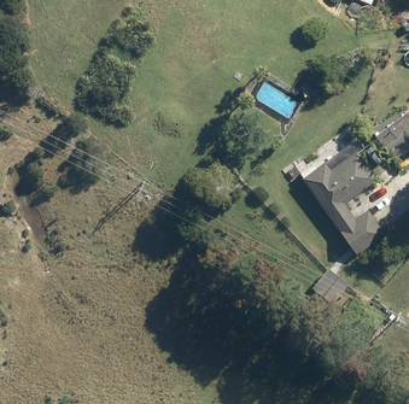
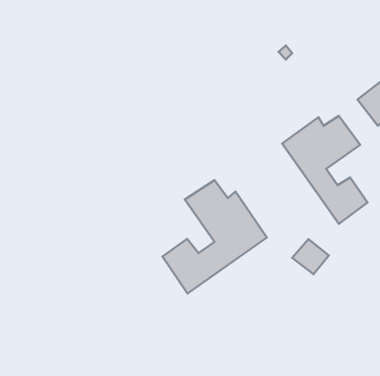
building: none -> [162,180,267,293]

